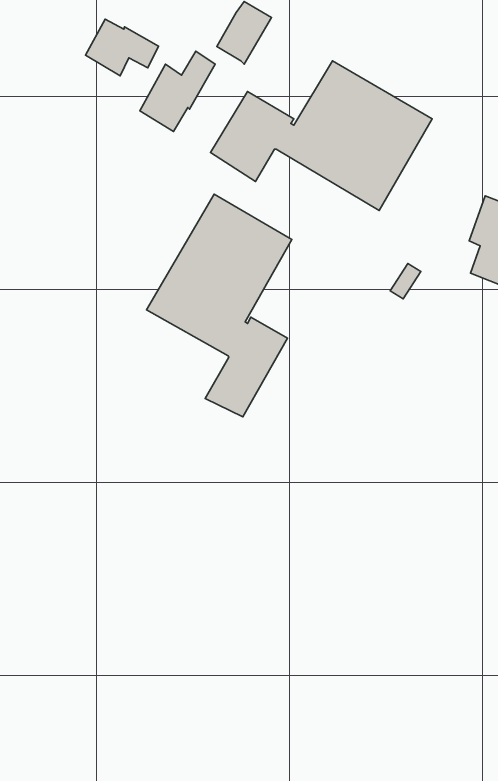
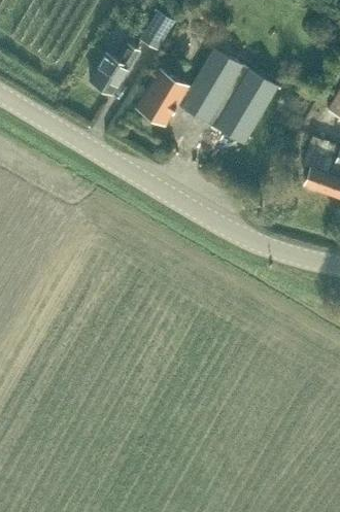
building: [86,19,159,76] -> none
building: [147,194,292,417] -> none

